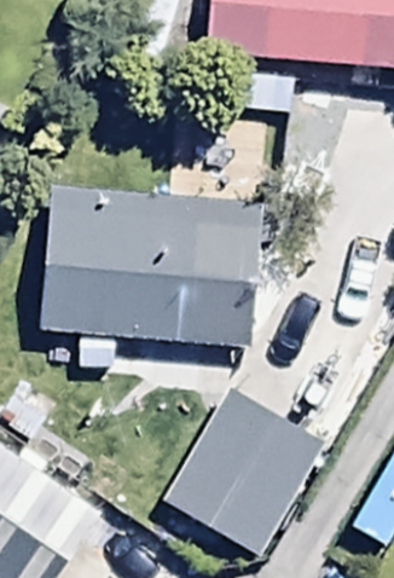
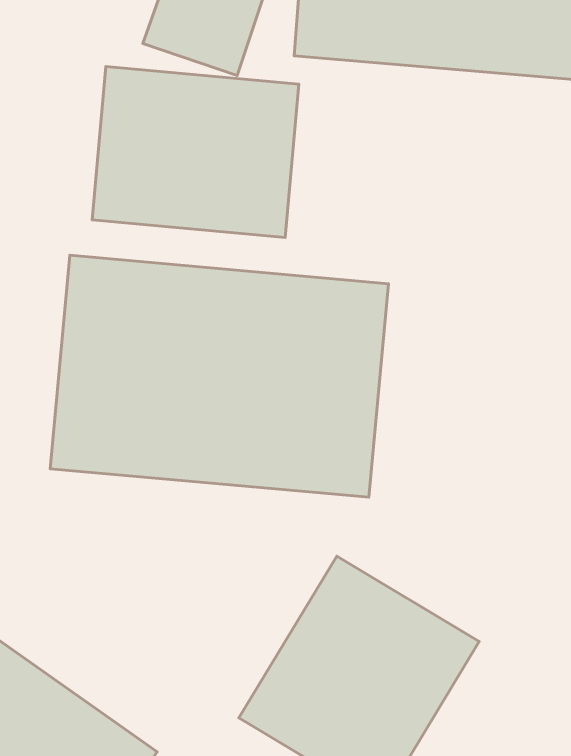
building: none -> [92,67,299,238]

